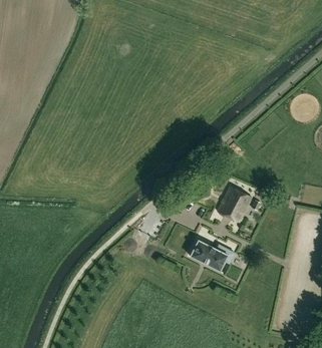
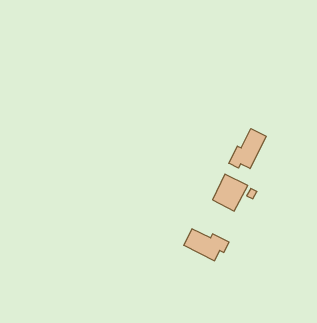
building: none -> [229,129,266,169]

